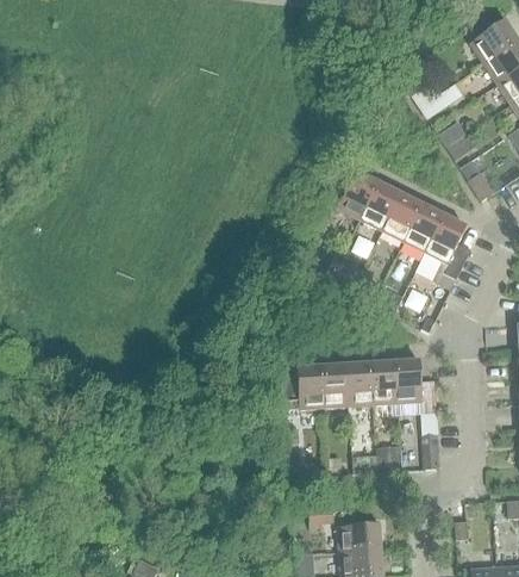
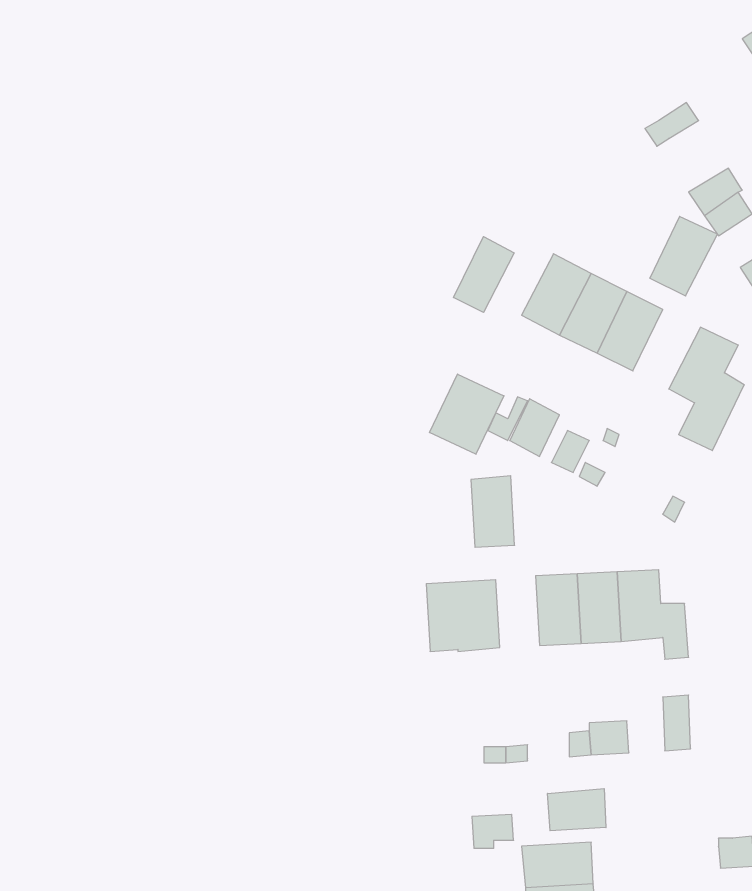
building: none -> [454,237,514,312]
building: [404,204,444,252] -> [650,216,717,296]
building: none -> [430,374,504,454]
building: [321,364,348,407] -> [471,476,515,547]
building: none -> [548,789,606,831]

